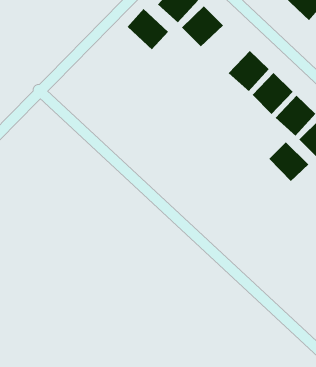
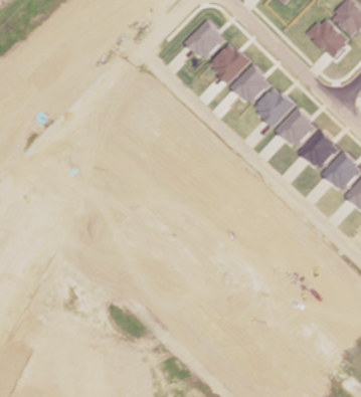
building: [127,8,169,50] -> none
building: none -> [231,64,272,105]
building: [268,141,309,182] -> none

